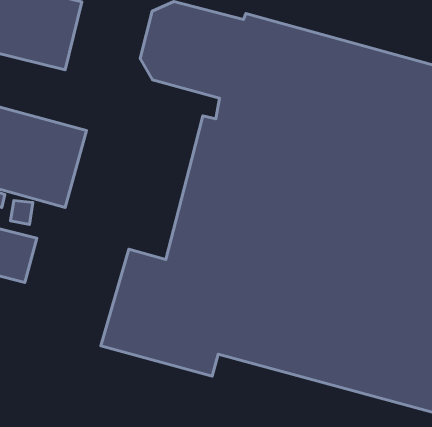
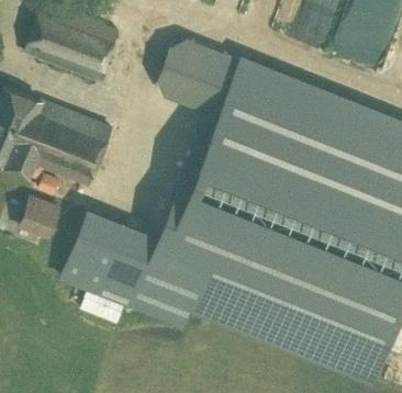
building: none -> [60,207,133,296]

